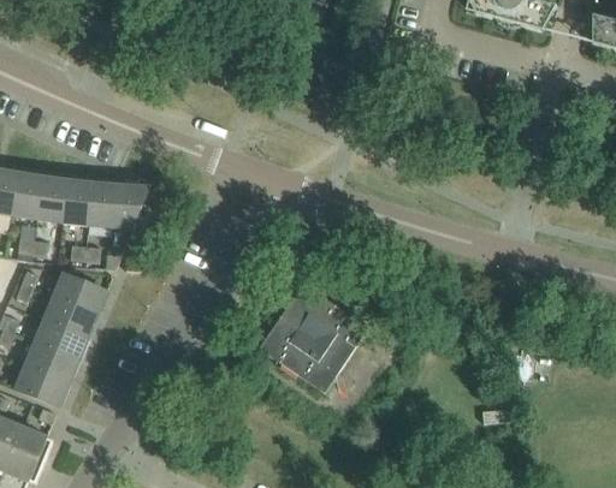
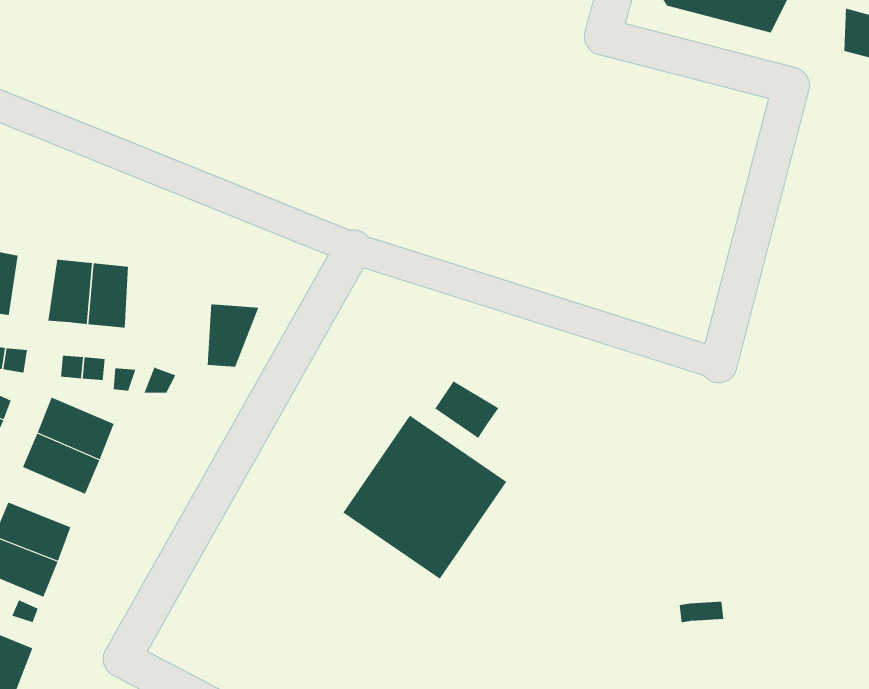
building: [36,177,67,220] -> none
building: [113,184,148,226] -> [207,304,259,367]
building: none -> [435,380,499,439]
building: [35,317,87,357] -> none

